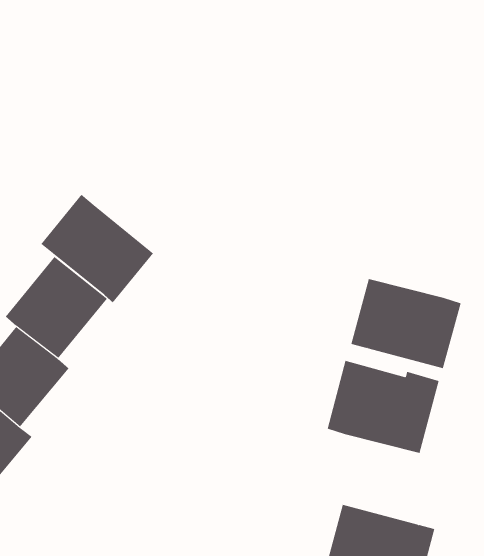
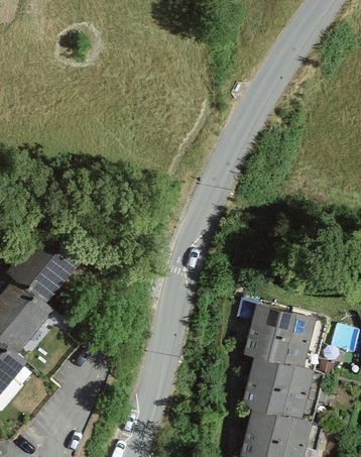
building: [41,194,154,303] -> none
building: [350,279,461,369] -> [240,361,322,428]

